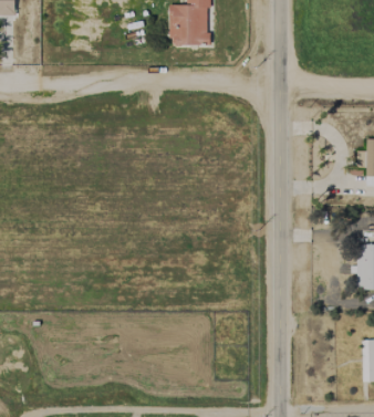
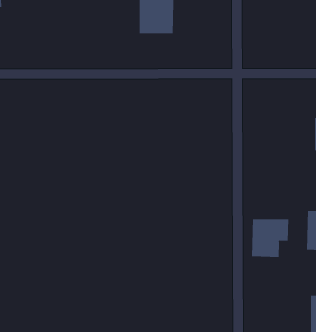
building: none -> [252,219,289,258]

